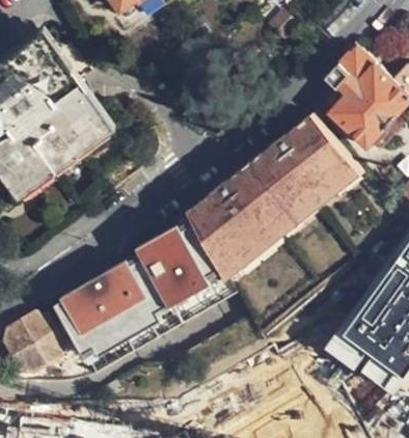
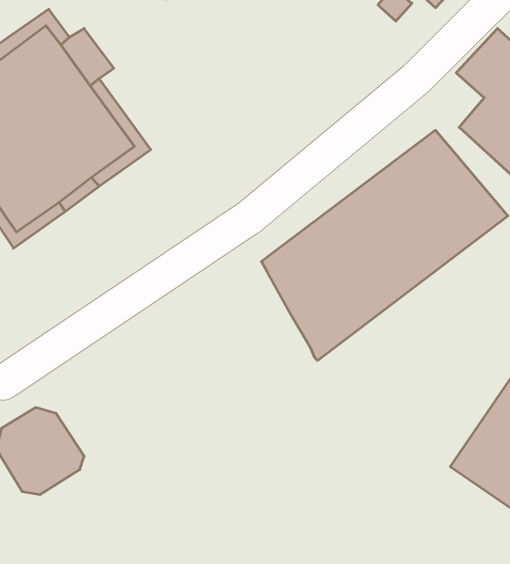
building: [58,214,228,360] -> none

